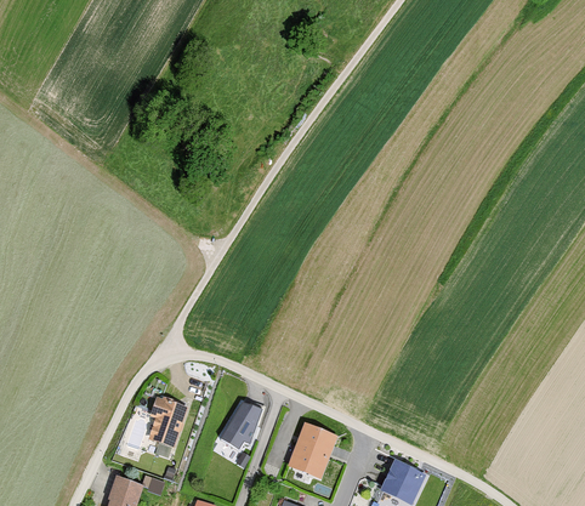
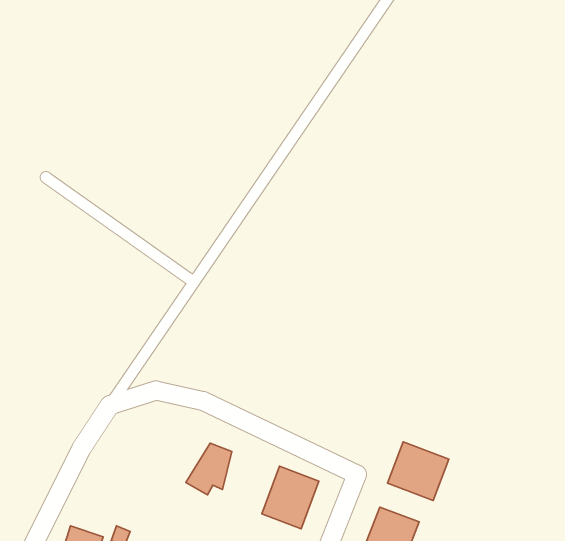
building: [147,398,186,447] -> none
building: none -> [388,442,449,500]

